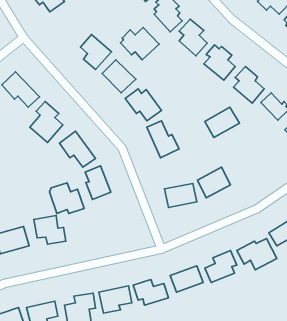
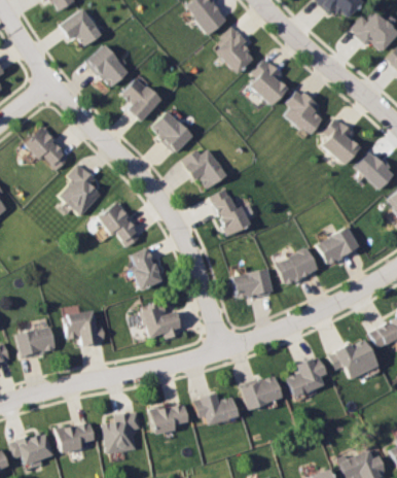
building: none -> [87,45,130,89]
building: [120,27,159,60] -> none
building: [205,107,239,138] -> [315,227,359,266]
building: [50,183,84,213] -> [141,301,185,340]

